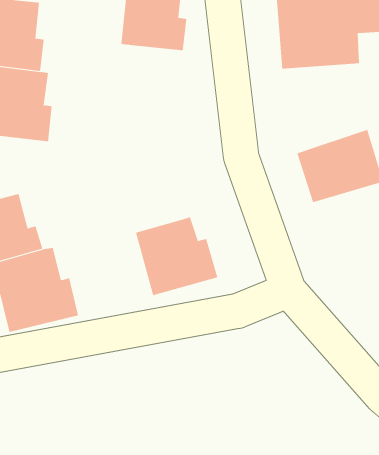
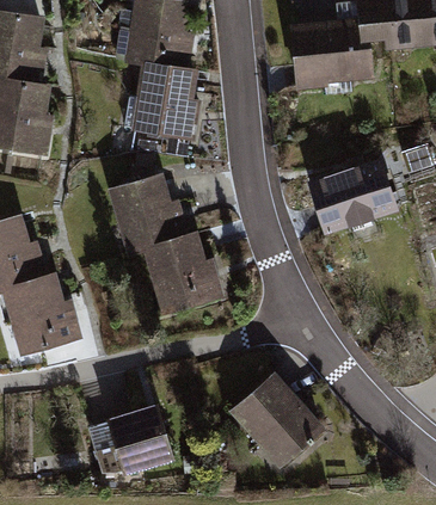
building: none -> [117,62,204,142]
building: none -> [110,175,191,260]
building: none -> [235,378,323,464]
building: none -> [106,400,174,472]

